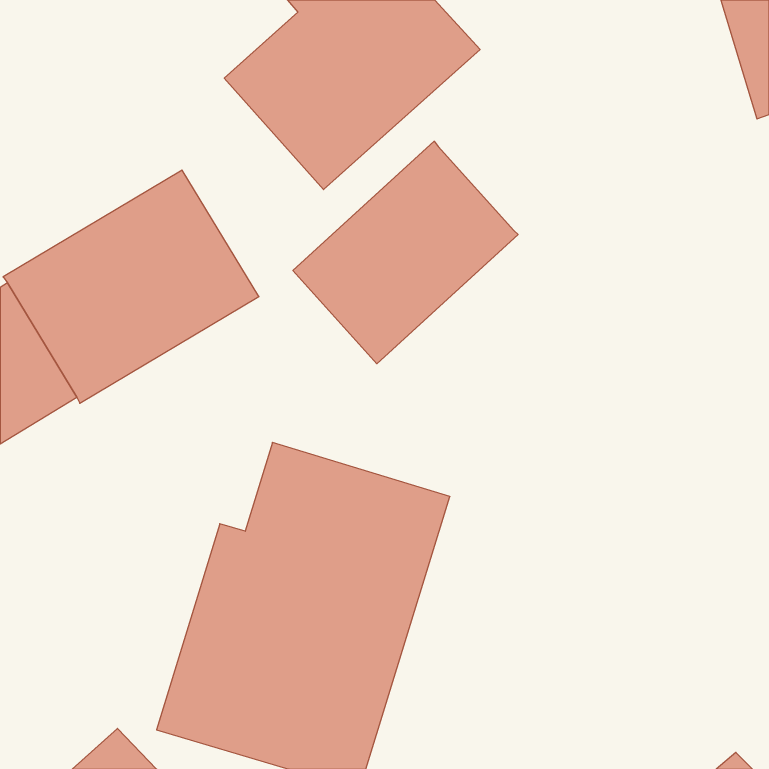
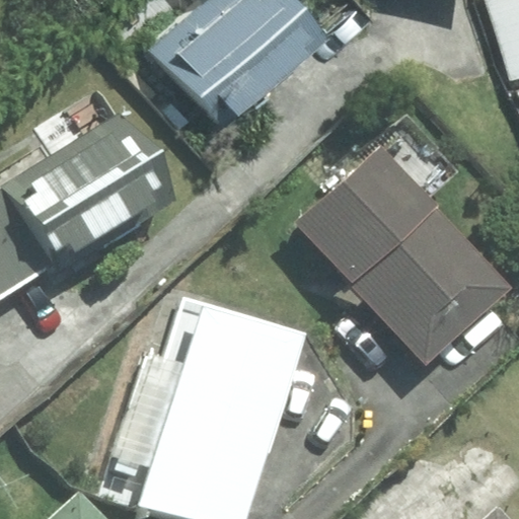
building: [293,141,518,364] -> none
building: none -> [298,148,509,363]

